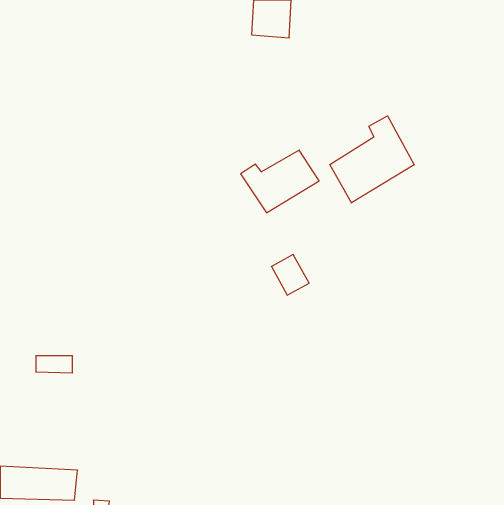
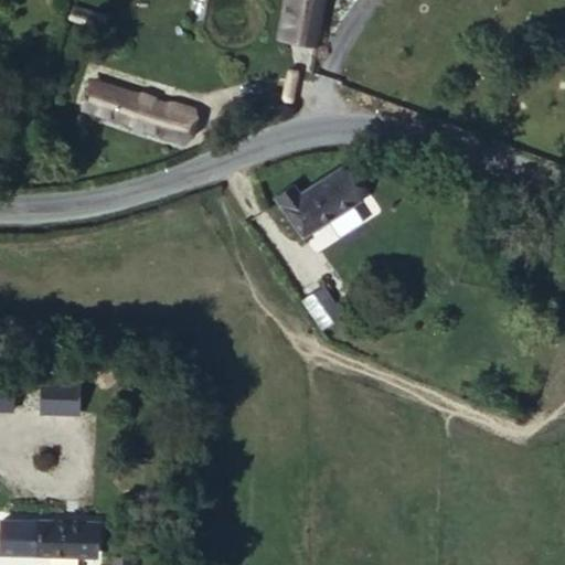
building: none -> [87,81,196,140]
building: [330,116,414,203] -> none

